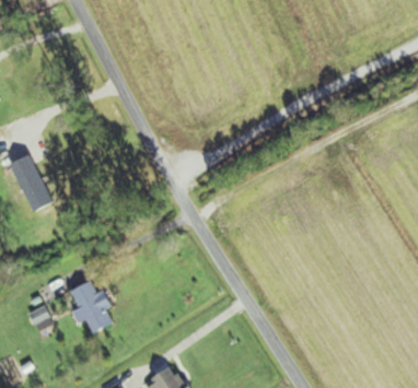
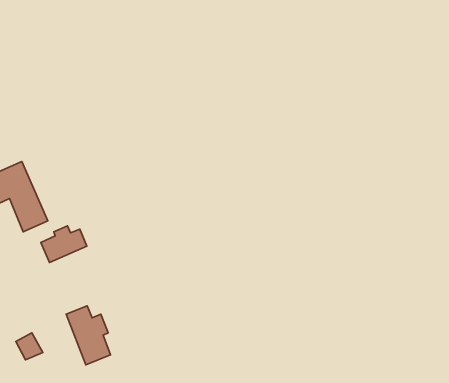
building: none -> [41,226,87,263]

